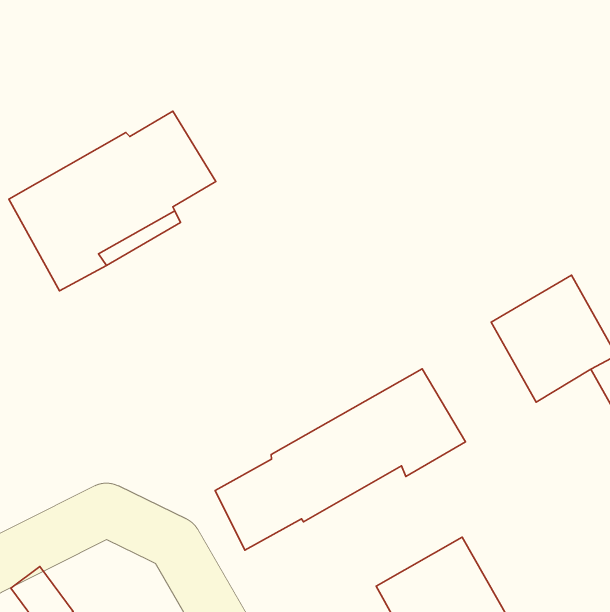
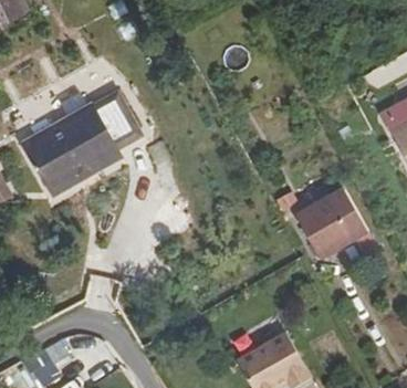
building: [215,369,465,550] -> none

